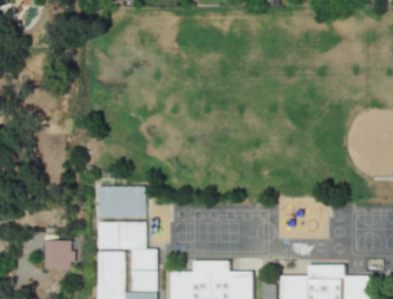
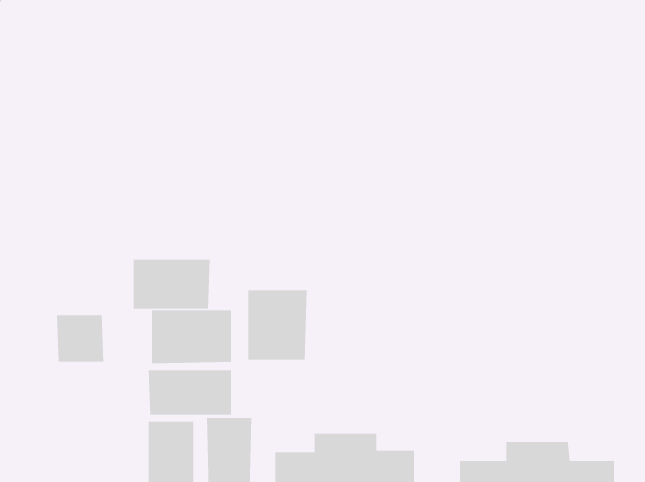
building: none -> [133,259,210,310]
building: none -> [248,289,307,360]
building: [44,240,72,269] -> [56,315,104,362]

